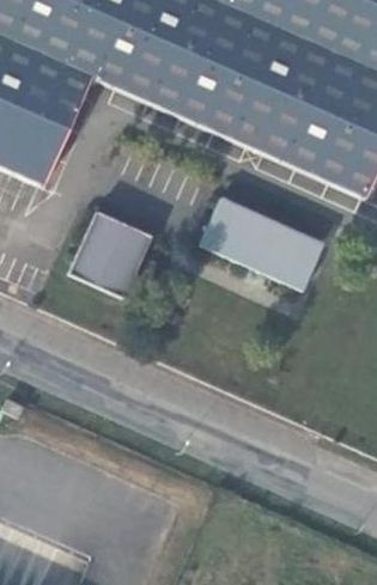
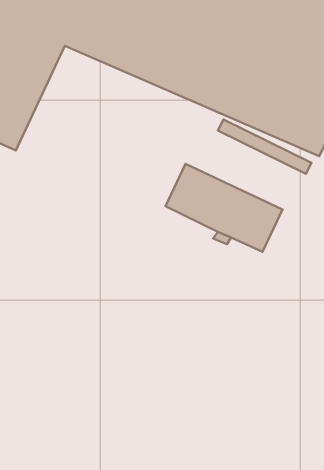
building: [69,214,147,300] -> none

